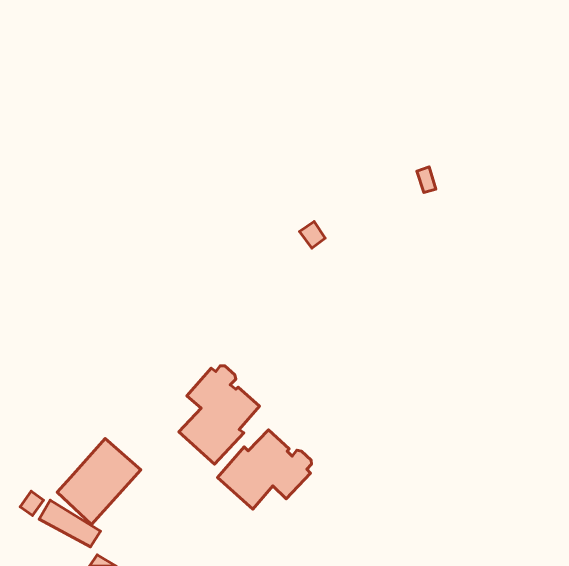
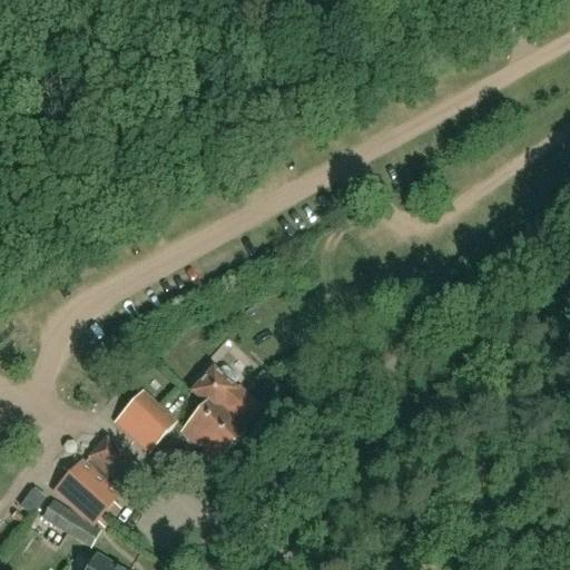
building: none -> [114,390,175,451]
building: [217,430,312,509] -> none

